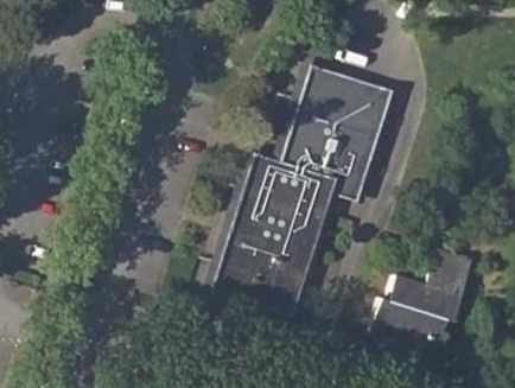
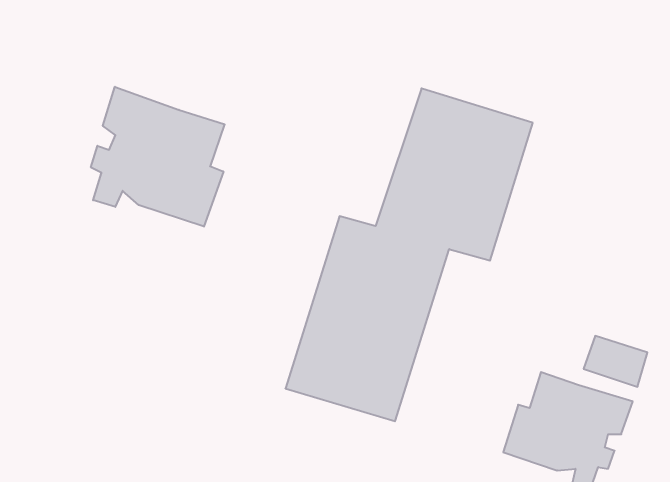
building: none -> [91,87,225,227]

